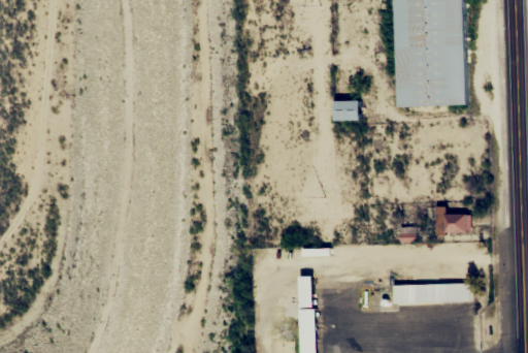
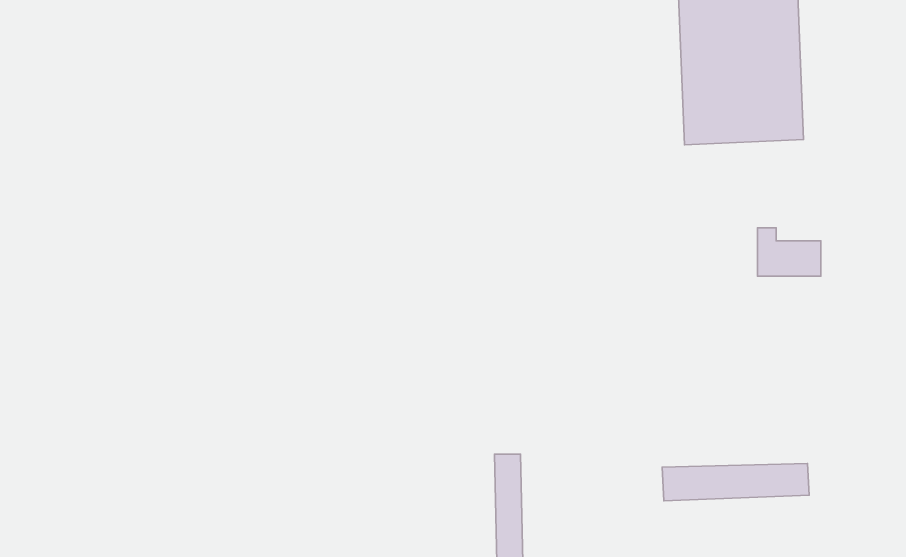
building: [334,101,359,121] -> none
building: [435,207,470,234] -> [758,228,821,276]

